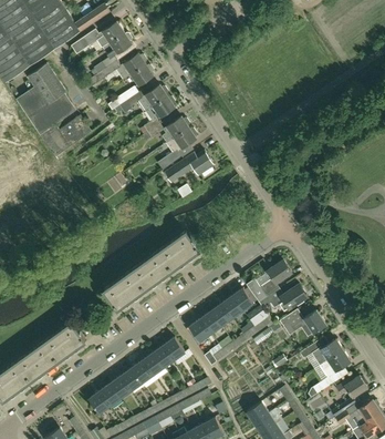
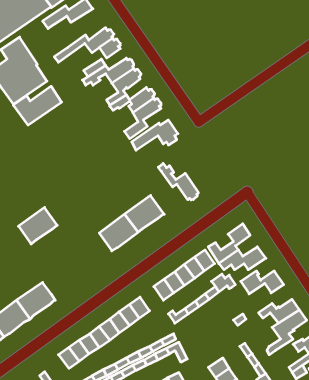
building: [94,32,132,73] -> none
building: none -> [158,163,198,200]
building: [104,269,145,308] -> [18,207,57,244]

